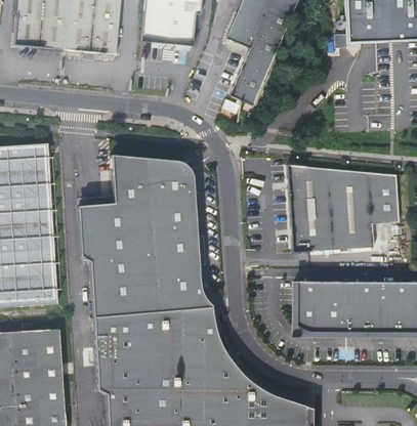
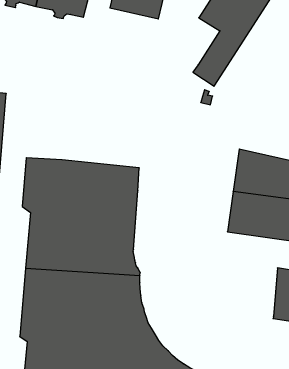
building: [111,154,195,202] -> none
building: [294,281,353,333] -> none

